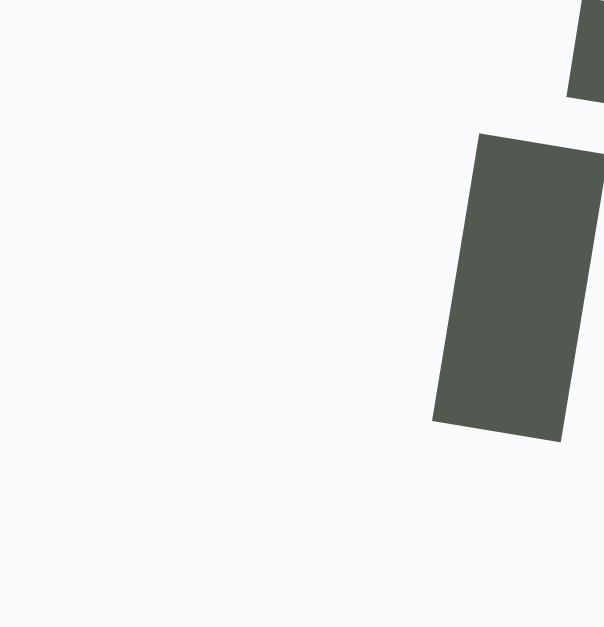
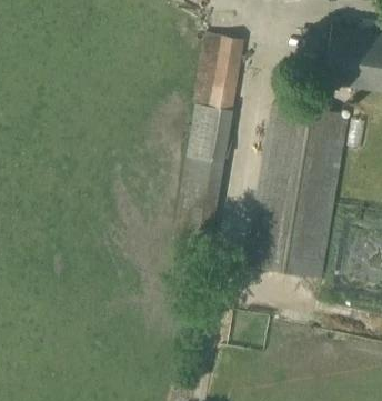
building: none -> [173,32,244,243]

